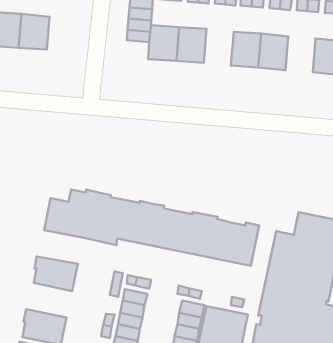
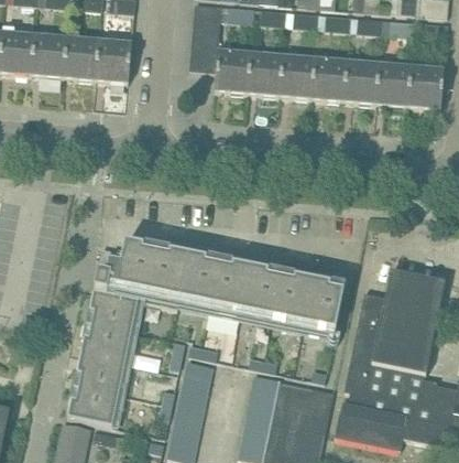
building: none -> [97,41,133,83]
building: none -> [281,55,316,98]
building: none -> [376,64,412,106]
building: none -> [85,291,139,331]
building: none -> [73,353,127,394]

